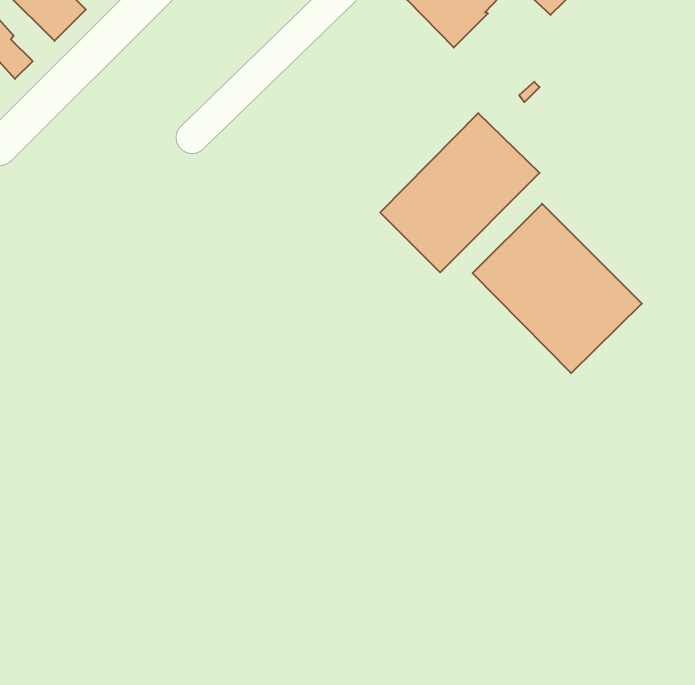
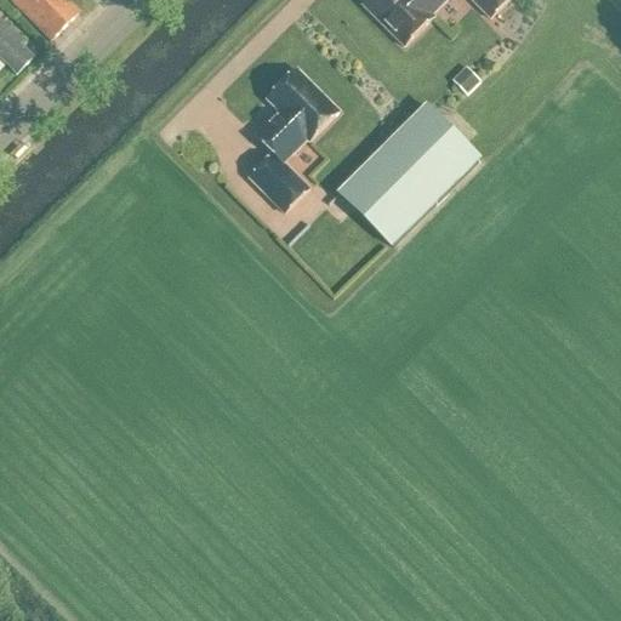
building: none -> [249,65,338,209]
building: [473,204,642,373] -> none

